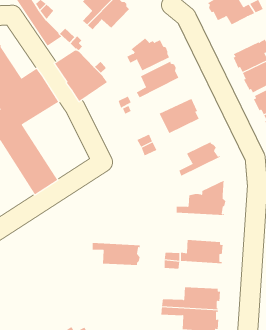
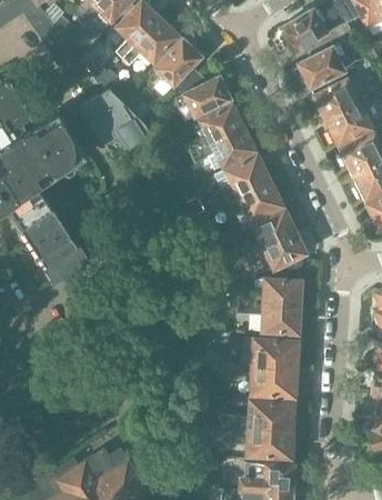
building: none -> [154,40,201,89]
building: none -> [298,47,344,89]
building: none -> [191,127,255,171]
building: none -> [230,180,285,226]
building: none -> [245,230,306,270]
building: [92,243,140,266] -> [239,303,302,333]
building: none -> [250,367,300,397]

